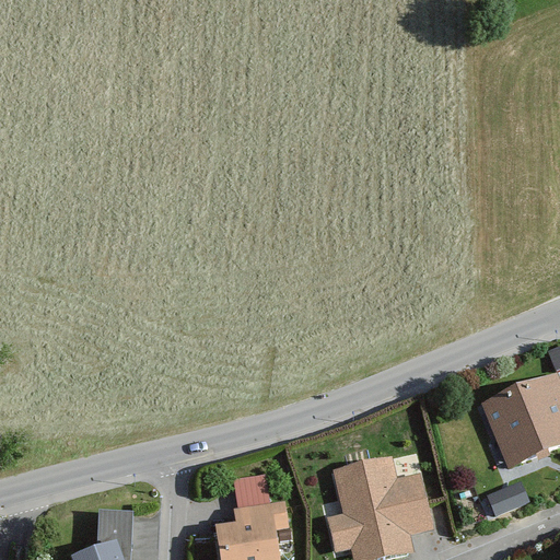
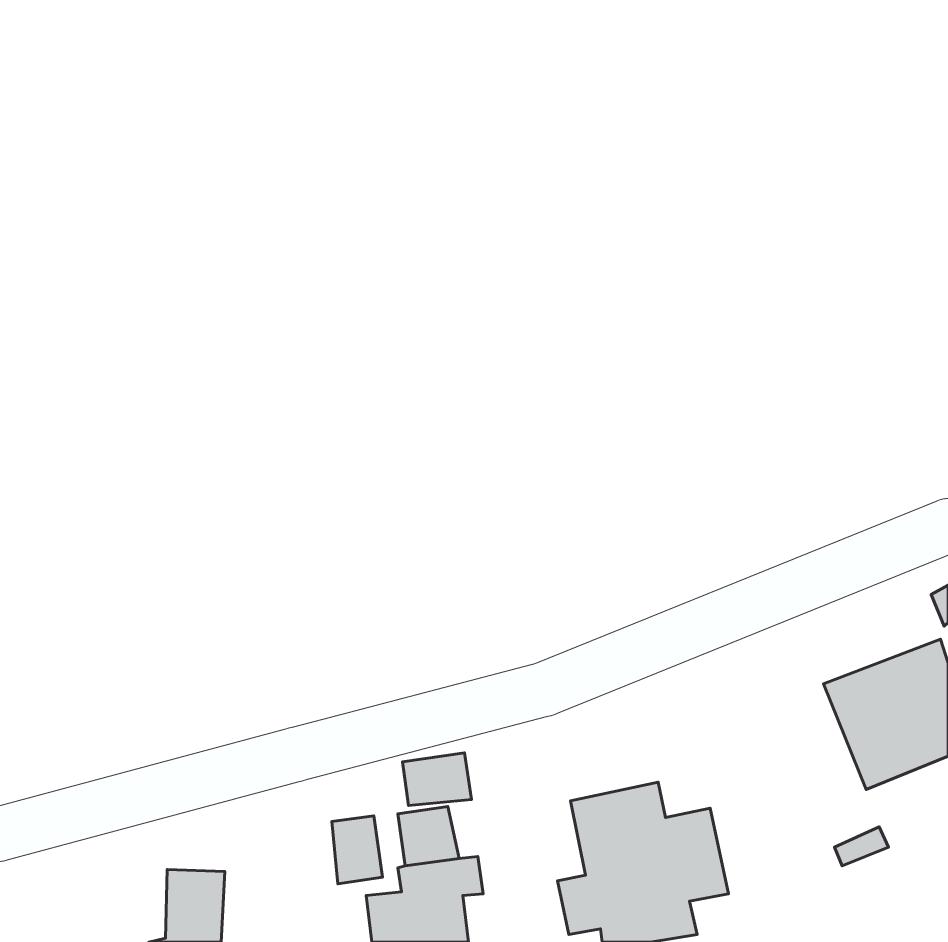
building: none -> [402,753,472,805]
building: none -> [332,816,383,884]

